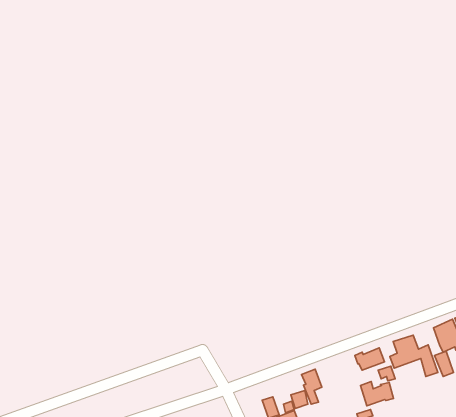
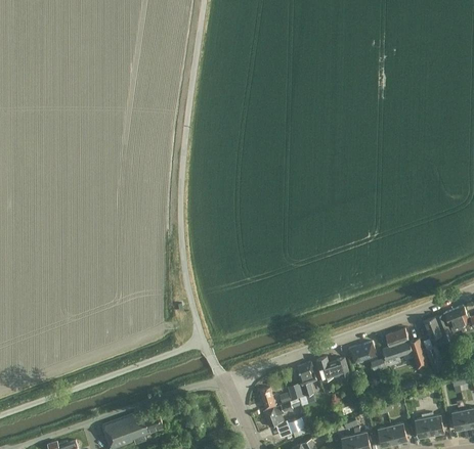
building: [360,381,393,406] -> [316,356,348,379]

